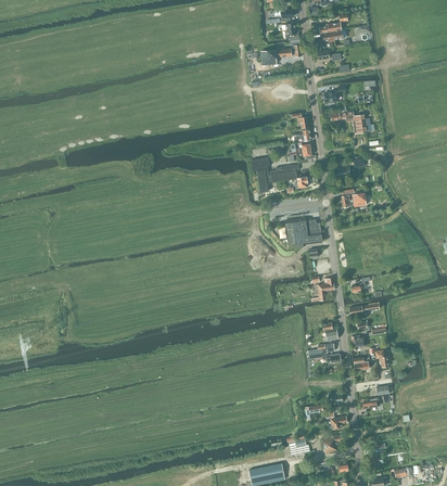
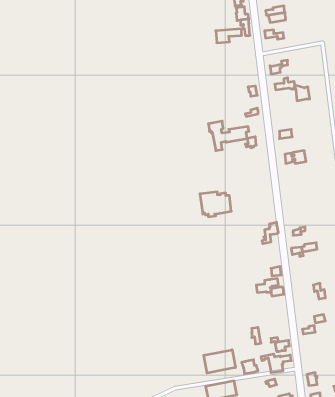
building: [285,218,322,247] -> [200,192,231,217]
building: none -> [204,350,235,373]

